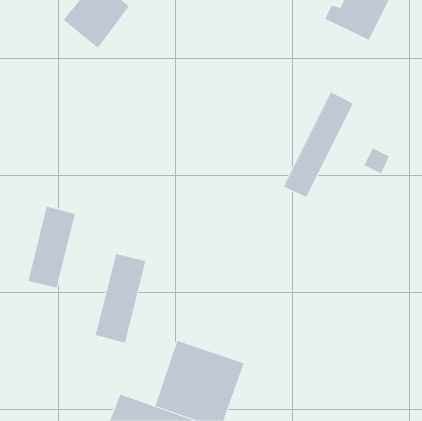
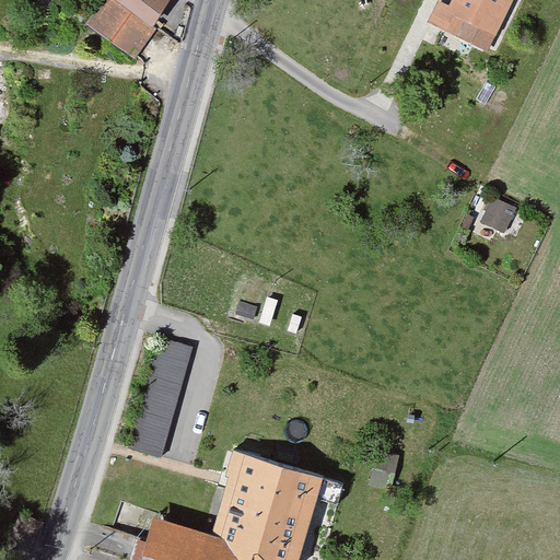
building: [283,91,354,198] -> none
building: [28,206,75,288] -> none

